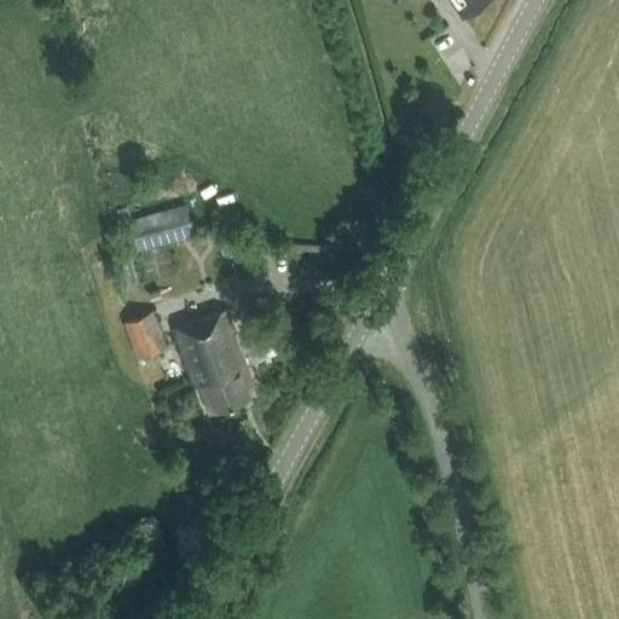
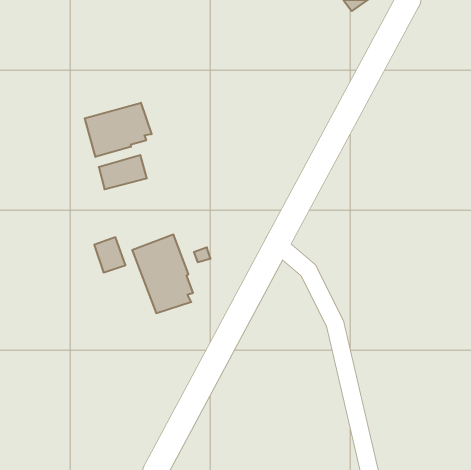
building: none -> [85,103,152,157]

